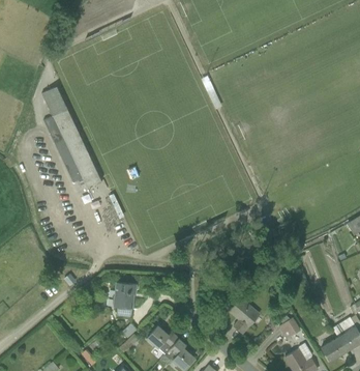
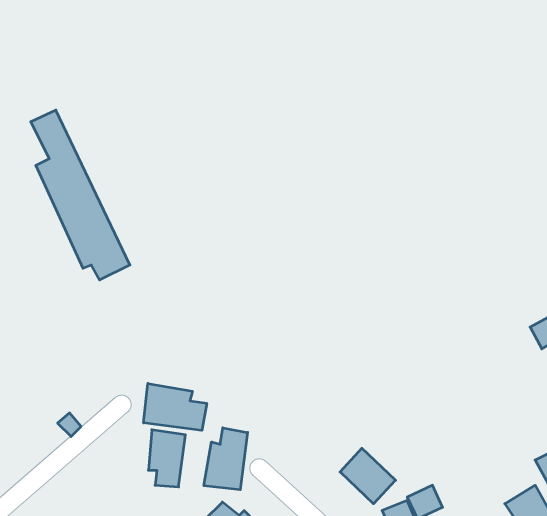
building: none -> [144,383,207,430]
building: none -> [204,428,248,490]

